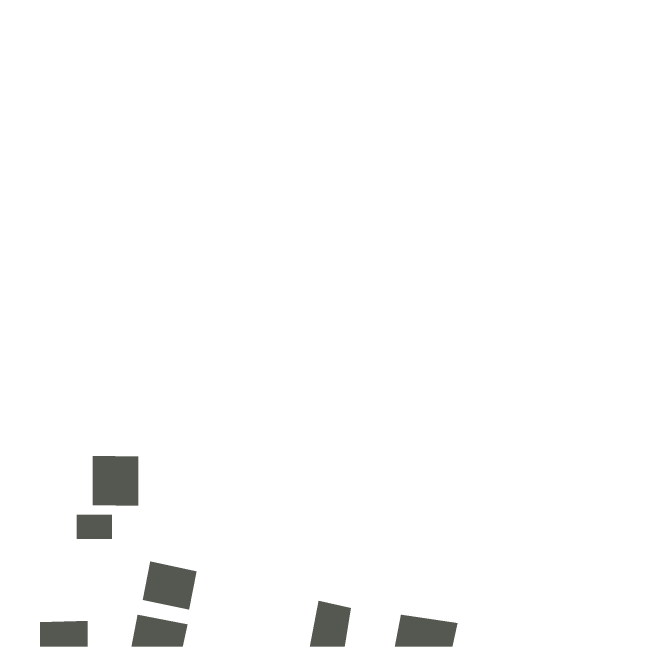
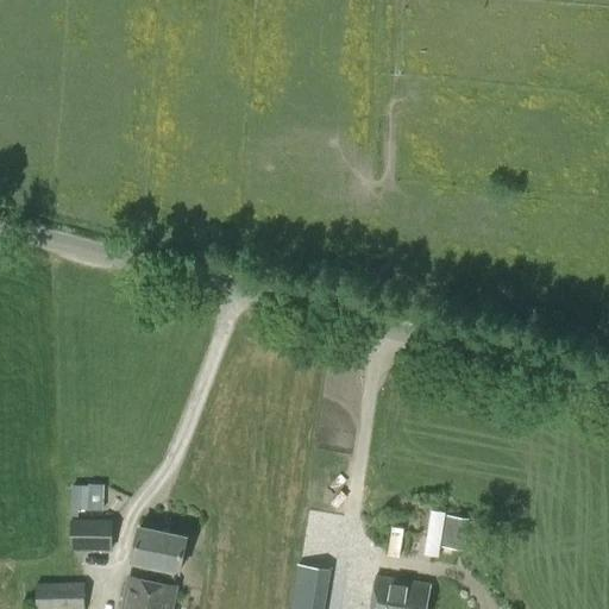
building: [92,455,139,507] -> none
building: none -> [441,515,470,551]
building: none -> [70,520,112,551]

